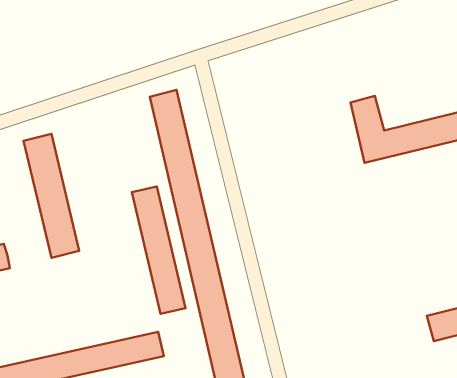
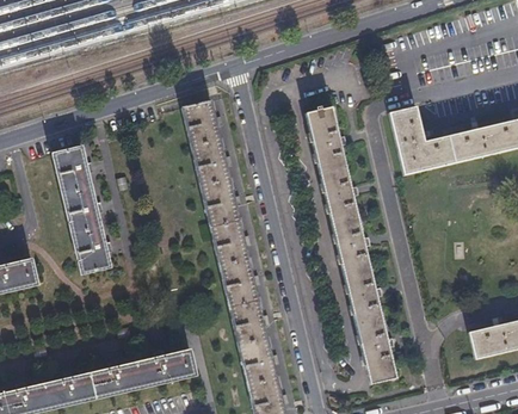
building: none -> [307,105,396,384]
building: [132,187,185,314] -> none

